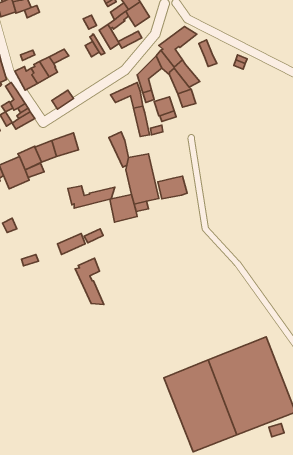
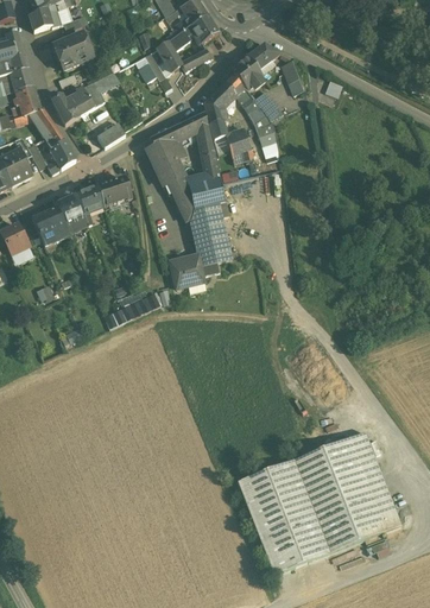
building: none -> [53,32,93,69]
building: none -> [146,128,184,184]
building: [158,176,187,199] -> [189,178,226,207]
building: [68,186,115,208] -> none
building: [75,258,104,304] -> none

